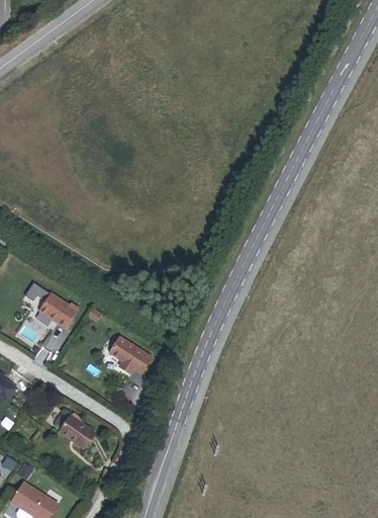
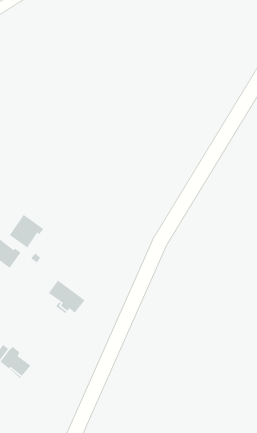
building: none -> [9,214,44,248]

